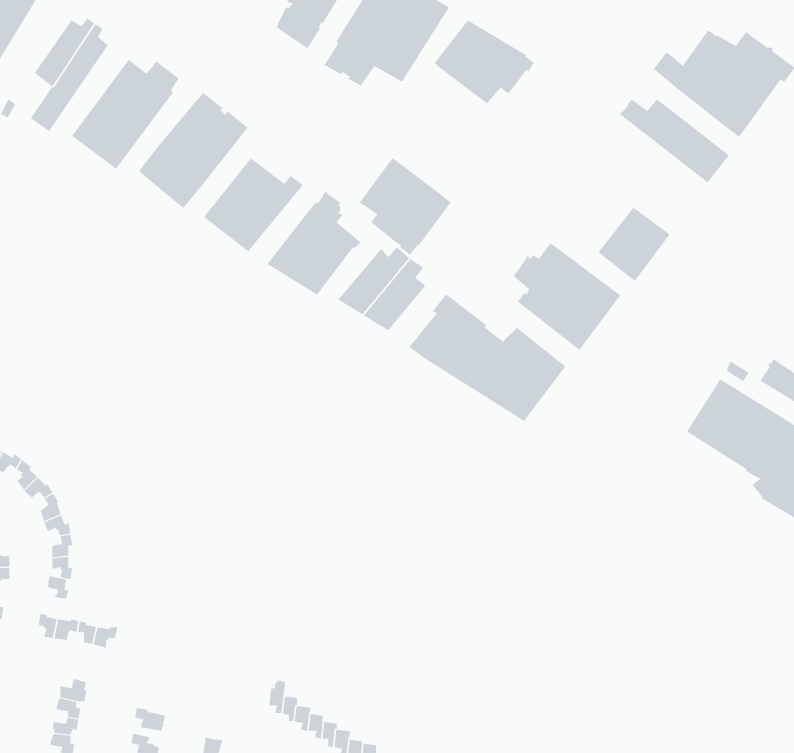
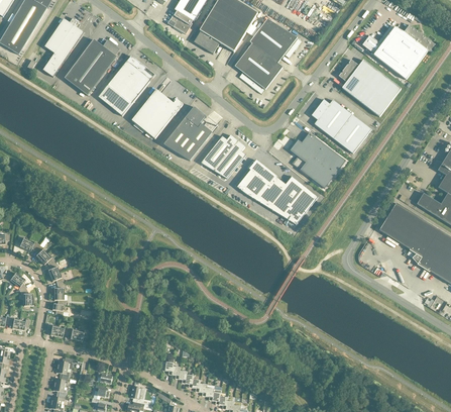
building: none -> [338,67,389,116]
building: [359,157,451,256] -> [234,42,281,93]
building: none -> [311,99,351,137]

